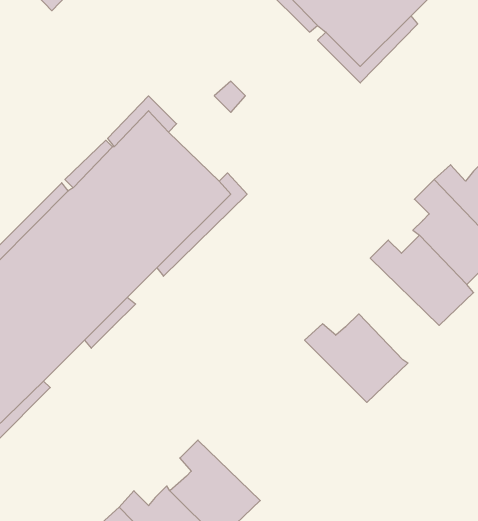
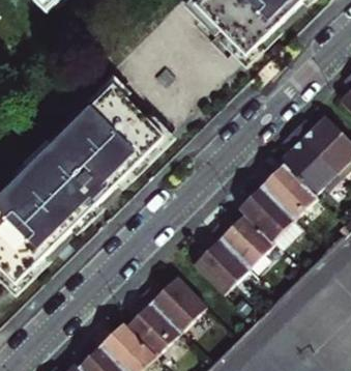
building: none -> [239,176,296,240]
building: none -> [194,228,251,293]
building: none -> [144,275,208,330]

